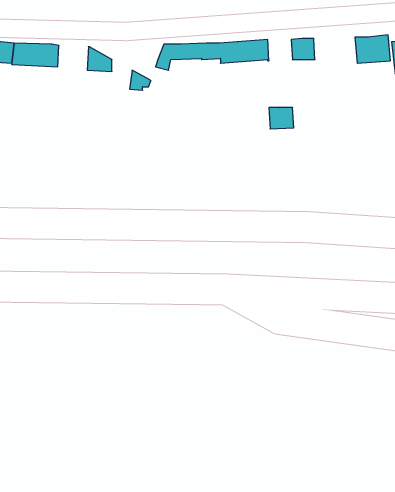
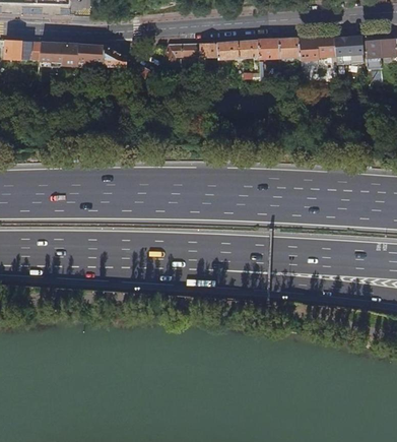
building: none -> [297,38,335,64]
building: none -> [77,45,104,78]
building: [269,108,294,129] -> [258,40,279,58]

